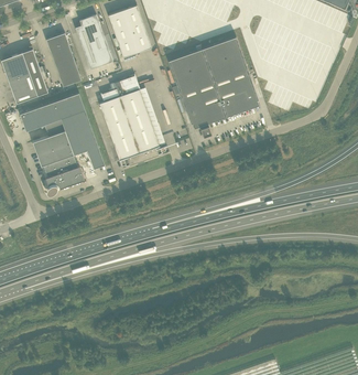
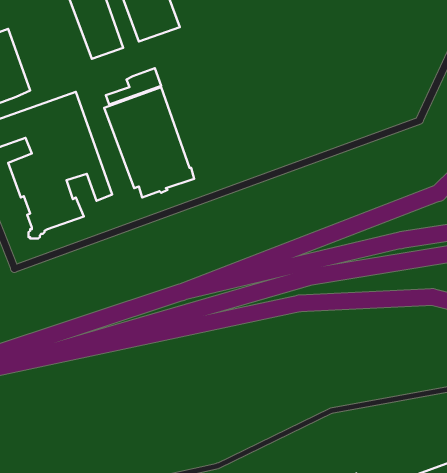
building: [46,34,82,88] -> none
building: [169,38,259,138] -> none

